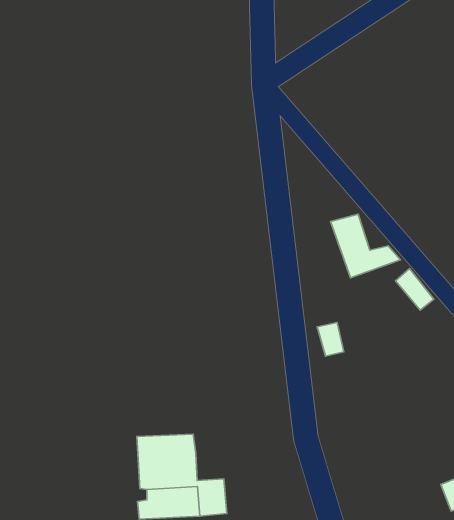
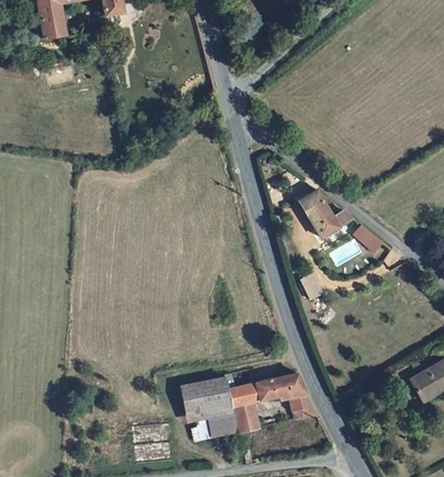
building: none -> [228,372,319,421]

